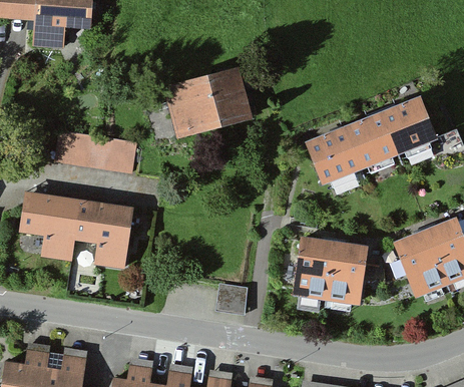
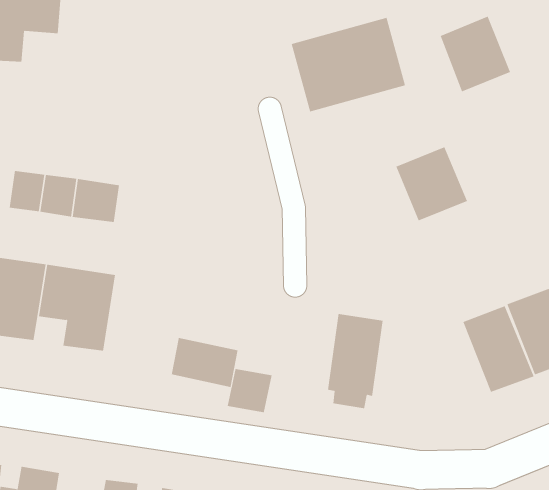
building: [164,68,251,139] -> [291,17,406,112]
building: [381,97,434,154] -> [440,16,511,92]
building: [306,128,360,185] -> none
building: [327,244,369,306] -> none
building: none -> [171,337,238,388]

